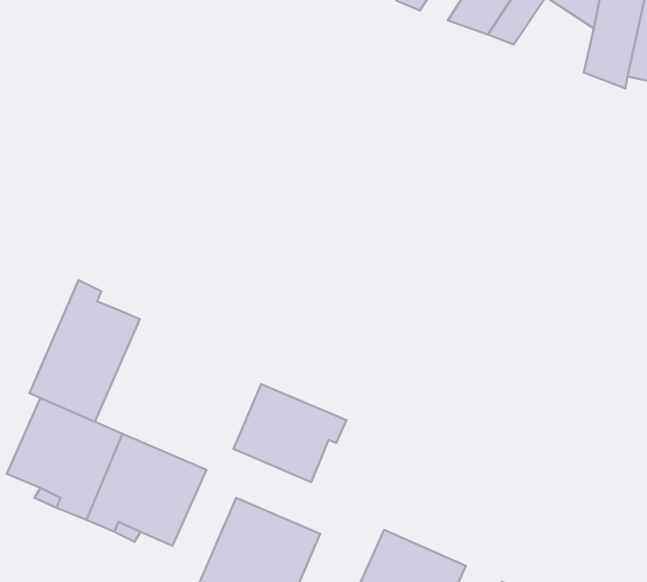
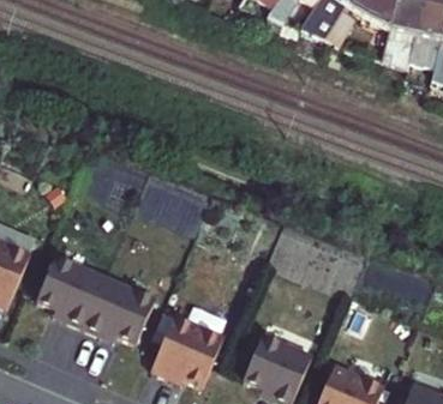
building: [30,280,140,422] -> none
building: [233,384,347,482] -> none

